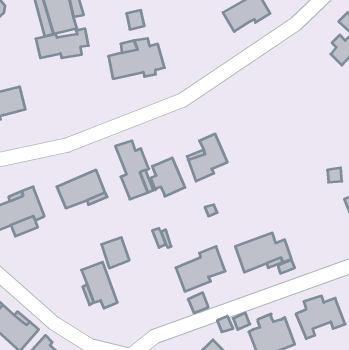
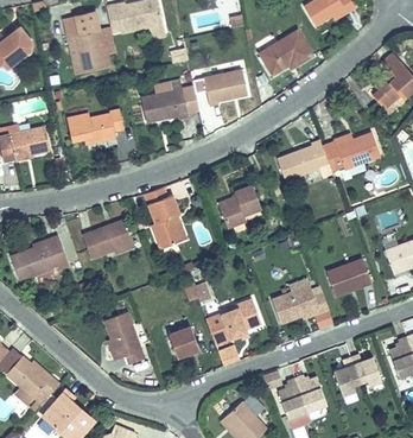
building: none -> [201,66,247,104]
building: [36,29,89,58] -> [68,110,123,141]
building: none -> [274,131,382,180]
building: [151,158,185,196] -> none
building: none -> [326,252,375,297]
building: [101,238,129,268] -> [172,326,202,358]

